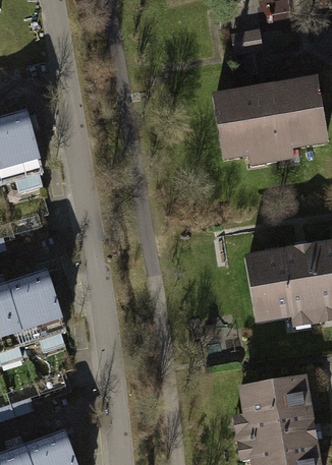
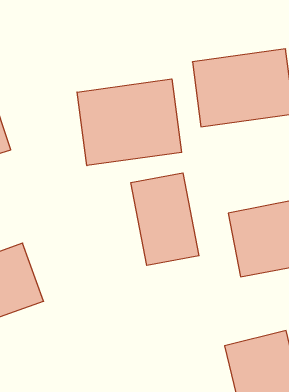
building: none -> [77,79,182,166]
building: none -> [131,173,199,265]

